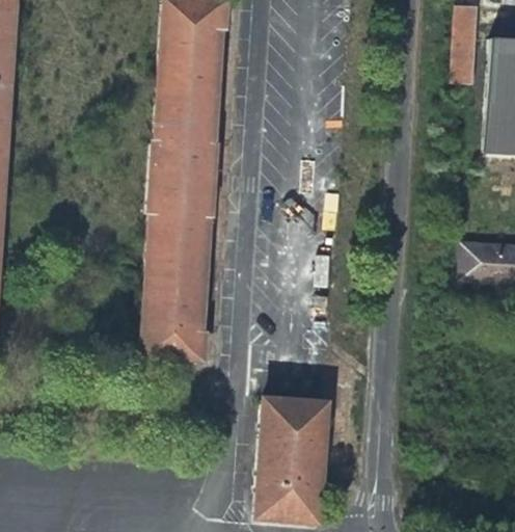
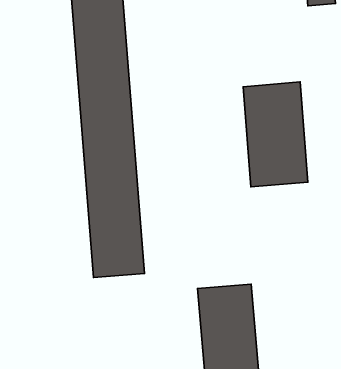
building: none -> [243,82,308,187]

